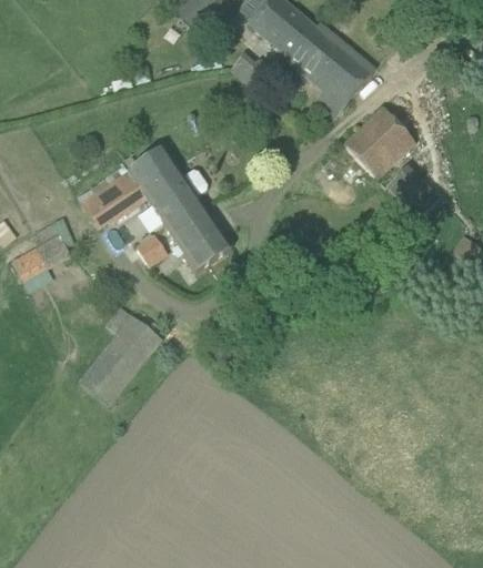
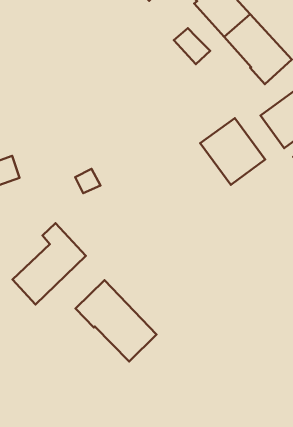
building: [81,145,231,271] -> none
building: none -> [200,118,265,185]
building: none -> [75,280,156,361]

